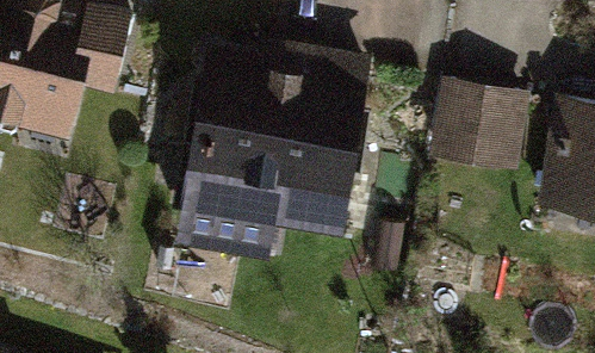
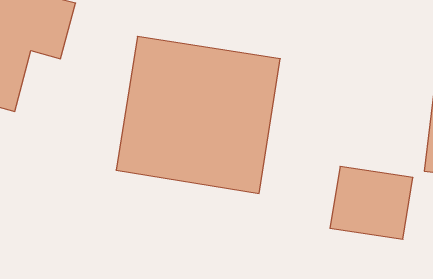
building: [432,87,529,173] -> [330,166,413,239]

